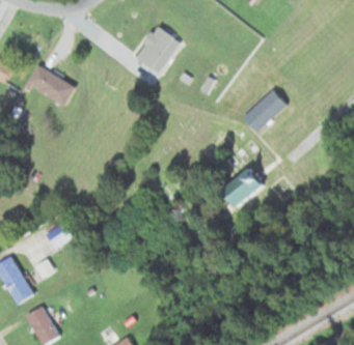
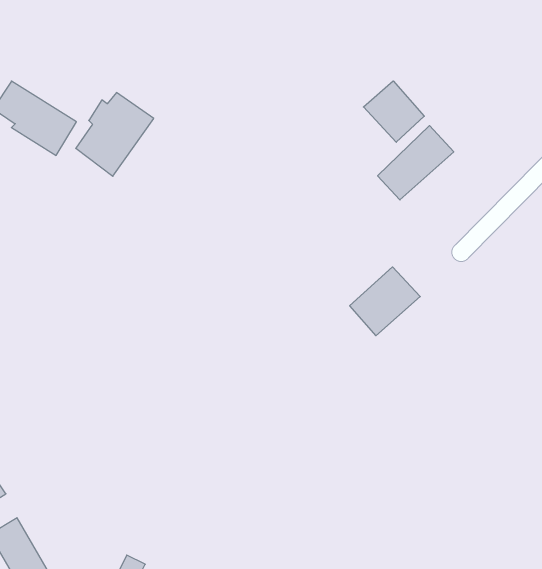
building: [136,26,180,73] -> [76,93,154,176]
building: none -> [363,81,424,142]

